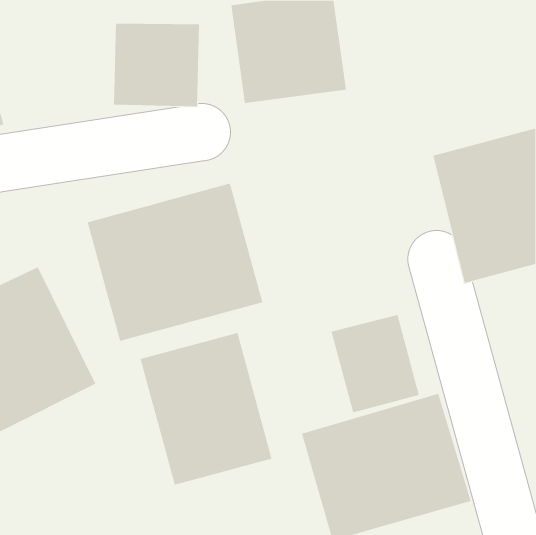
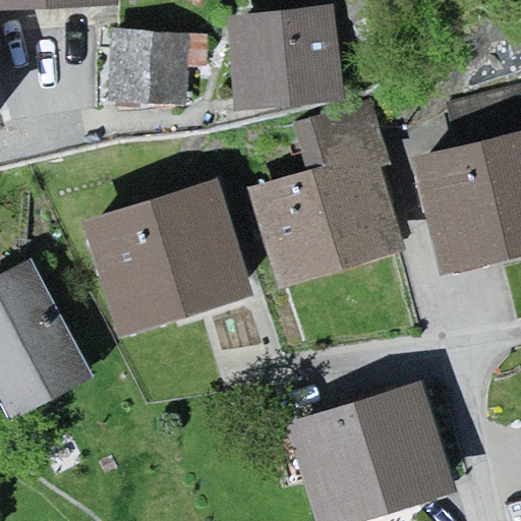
building: none -> [244,111,406,295]
building: [331,314,419,413] -> none
building: [140,332,272,485] -> none

